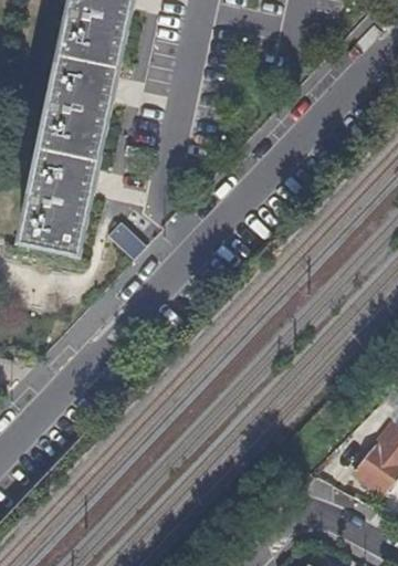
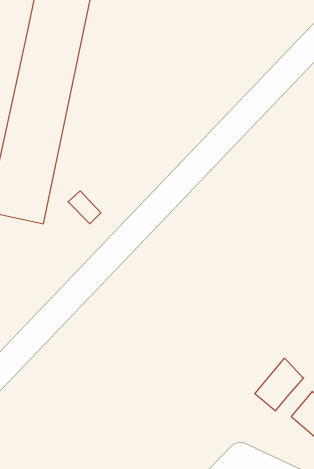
building: none -> [255,358,304,411]

